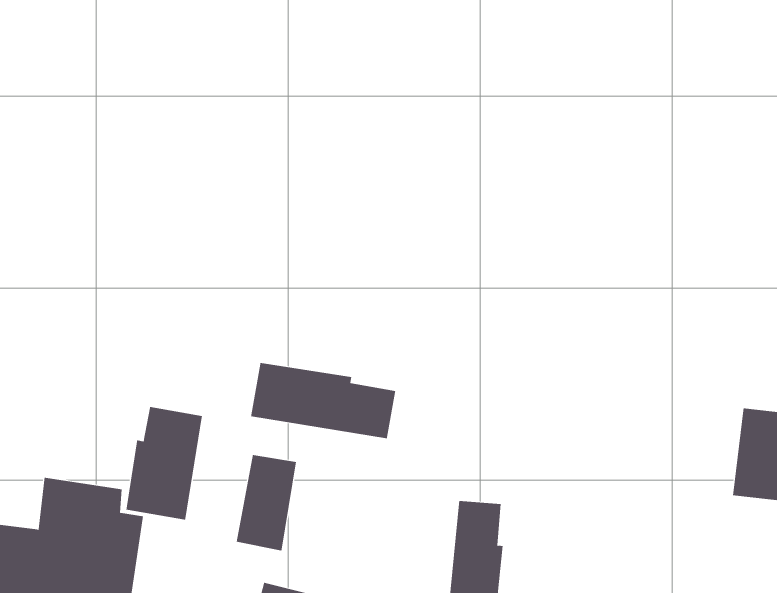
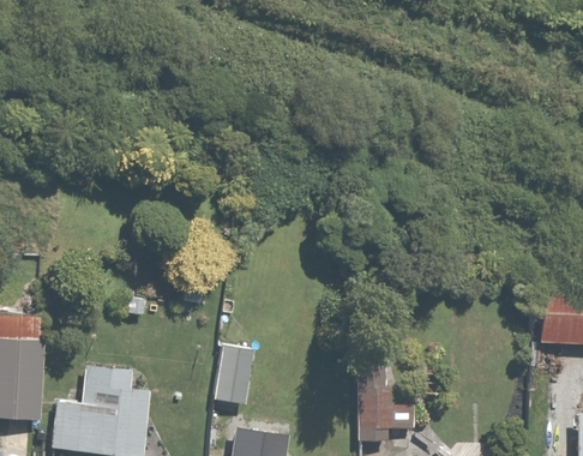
building: [250,362,396,439] -> none
building: [126,406,203,521] -> none

